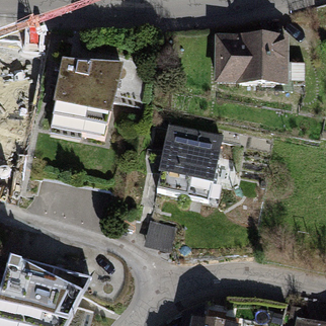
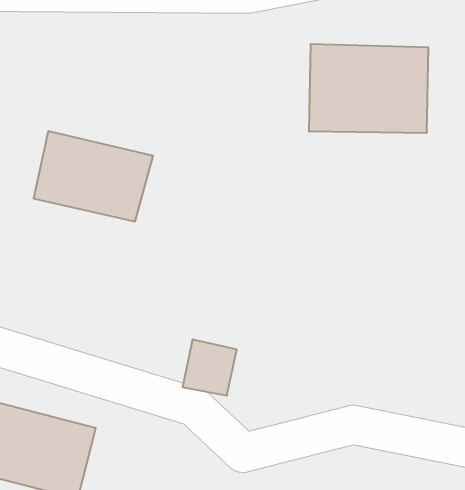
building: [54,46,127,101] -> none
building: [162,125,227,194] -> none

